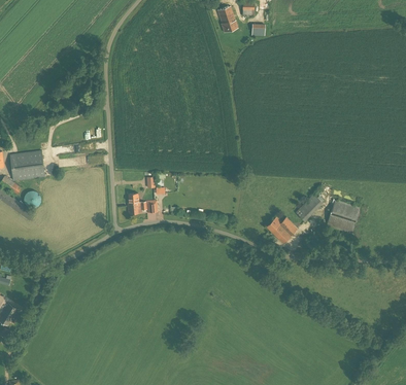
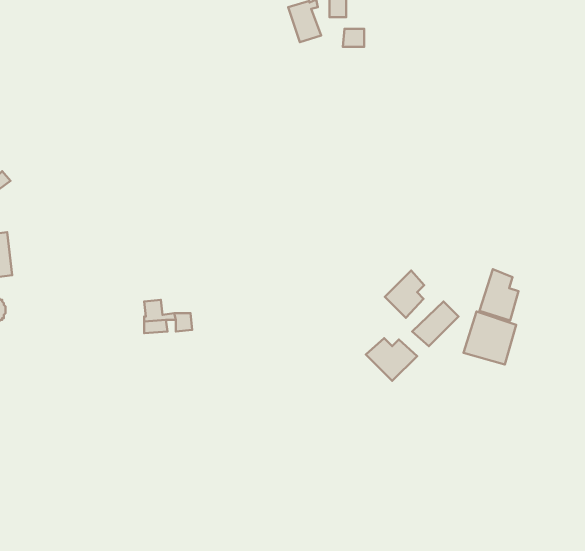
building: none -> [480,269,519,321]
building: none -> [385,270,424,318]

